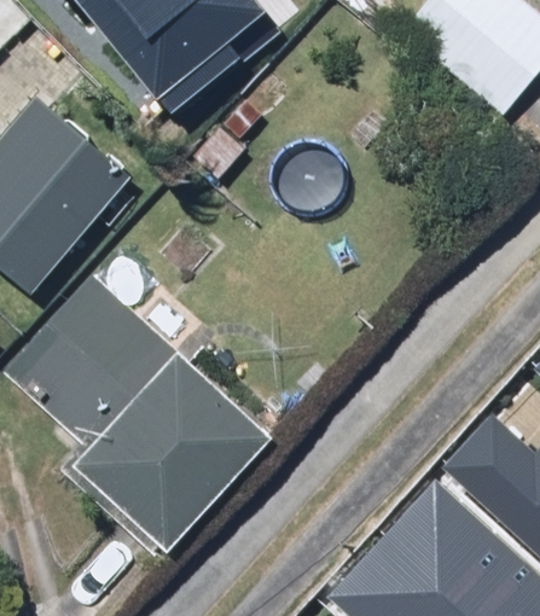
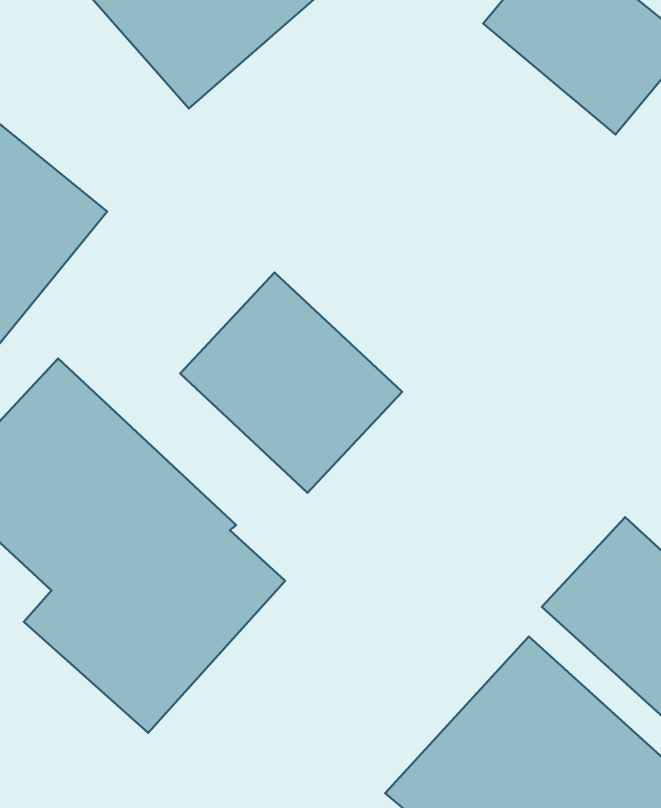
building: none -> [180,273,402,493]

